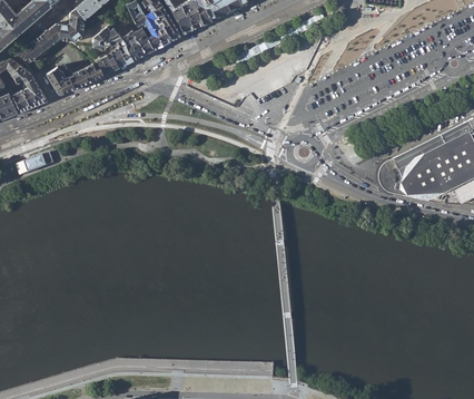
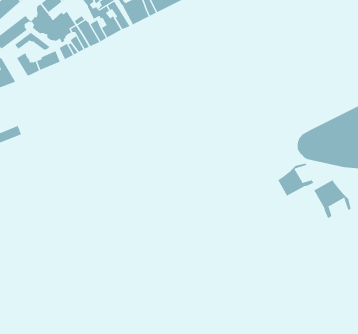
building: none -> [277,163,314,197]
building: none -> [314,179,351,219]

